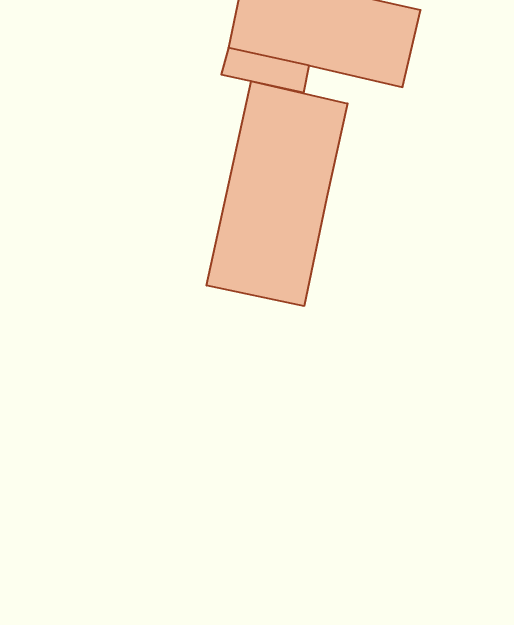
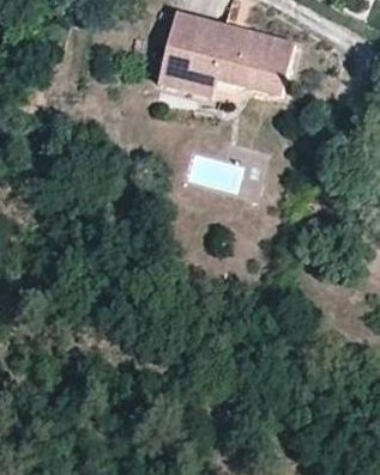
building: [207,81,348,306] -> none

